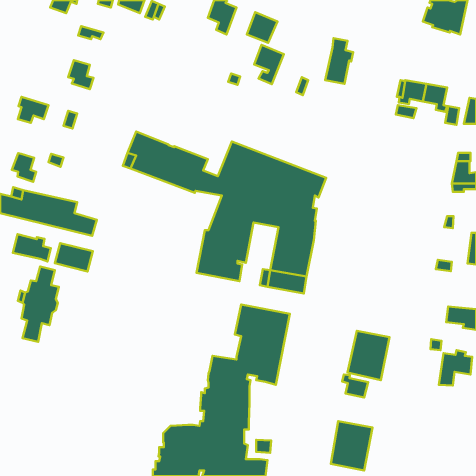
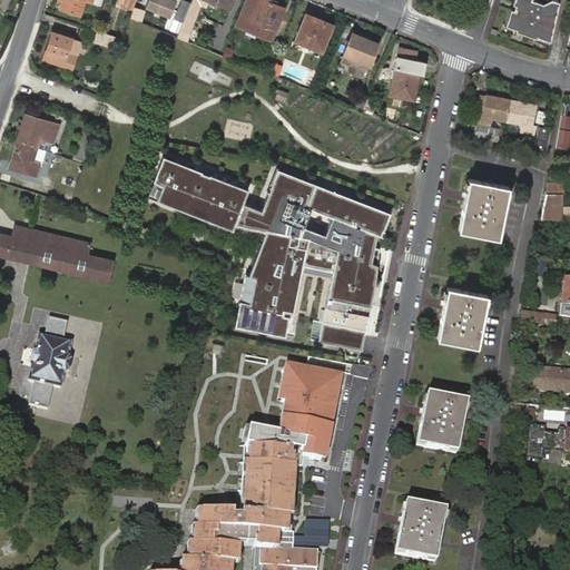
building: [254,45,284,84] -> [342,32,377,79]
building: [68,60,93,89] -> [46,33,76,68]
building: none -> [459,178,508,237]
building: [12,153,36,182] -> [10,141,39,176]
building: [13,234,51,261] -> none
building: none -> [438,286,487,345]
building: [55,243,93,271] -> none
building: [342,374,368,398] -> none

